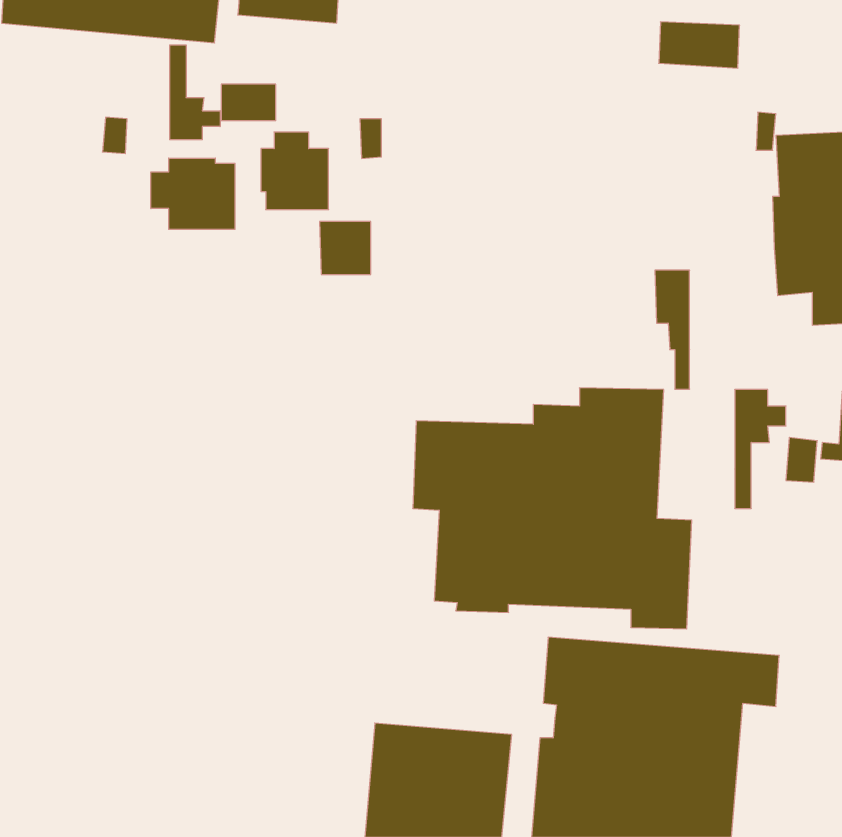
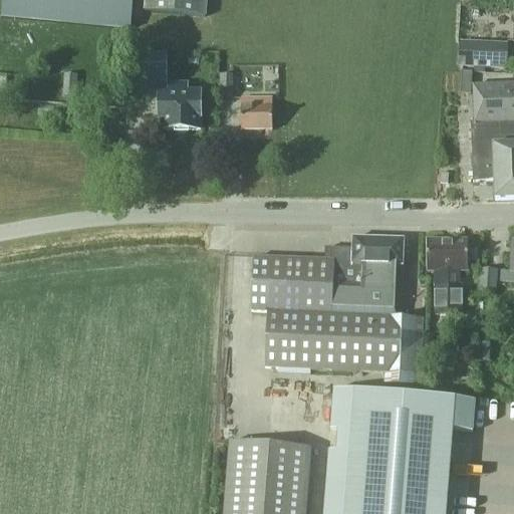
building: [659,22,740,68] -> [459,39,508,67]
building: [170,45,220,140] -> none
building: [151,158,235,229] -> none
building: [320,222,371,274] -> [241,95,272,127]
building: [655,270,690,389] -> [427,237,448,309]

